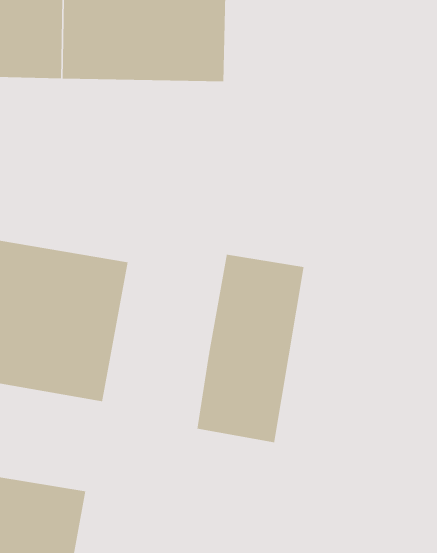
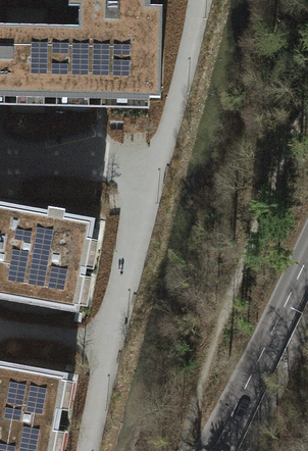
building: [197,254,304,443] -> none

